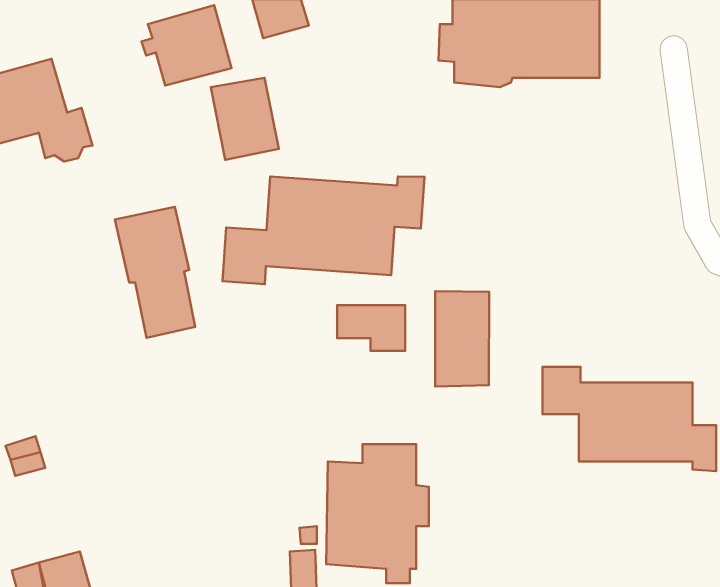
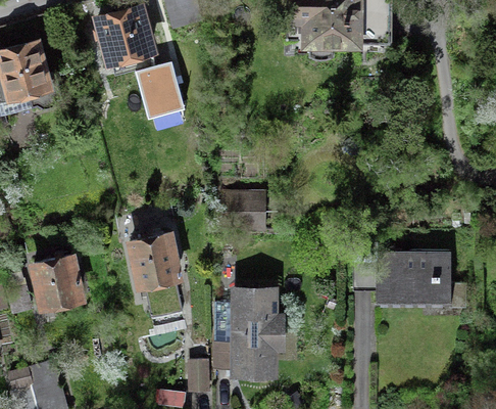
building: [222,177,424,284] -> none
building: [115,207,195,338] -> [131,233,183,318]
building: [435,291,489,387] -> none
building: none -> [34,253,81,304]

